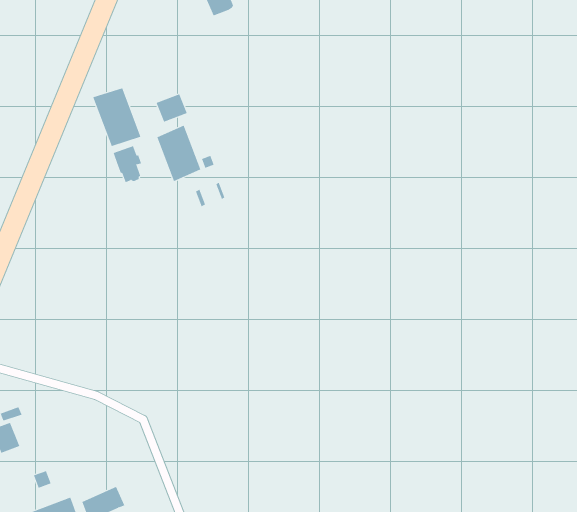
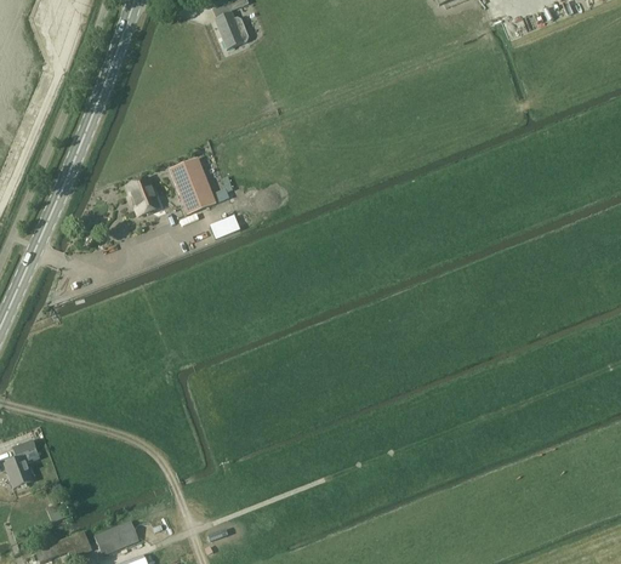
building: [93,87,141,147] -> none
building: [156,94,187,123] -> none

